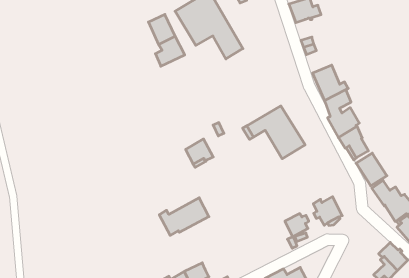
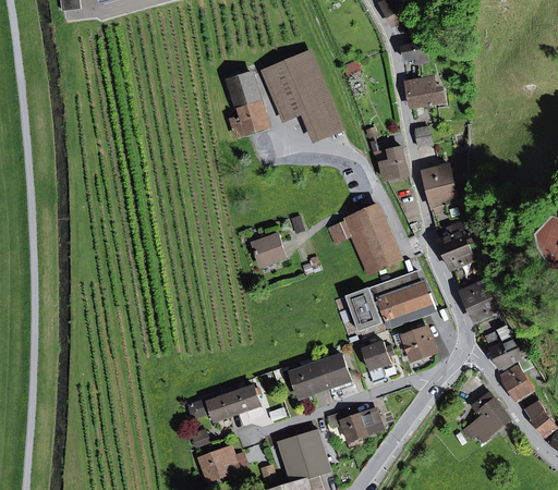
building: none -> [369,140,407,180]
building: none -> [344,270,433,331]
building: [159,198,209,235] -> [288,354,349,395]

